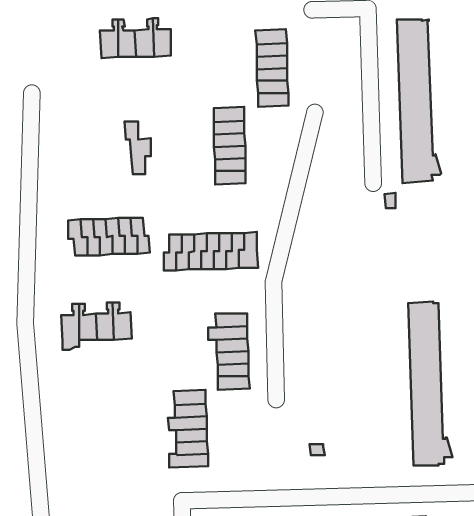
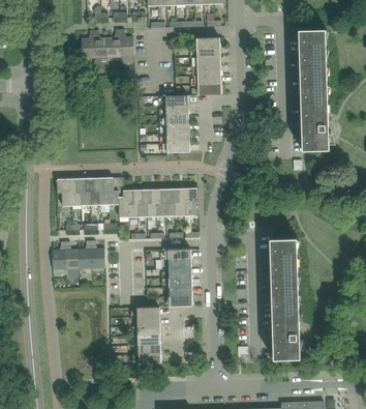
building: [124,122,151,174] -> [112,178,131,217]
building: [408,302,452,465] -> [272,238,305,360]

